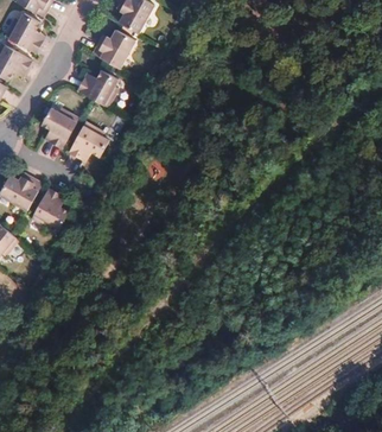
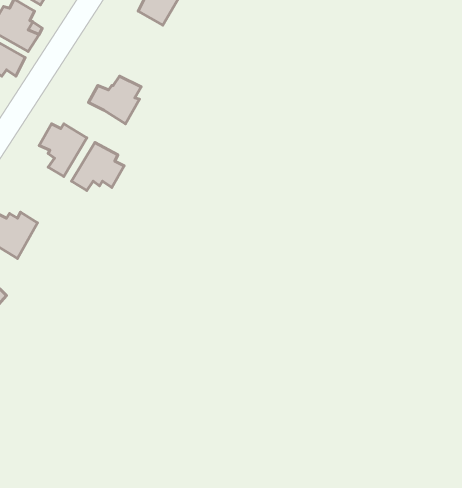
building: [93,28,135,68] -> none
building: [27,191,63,231] -> none

